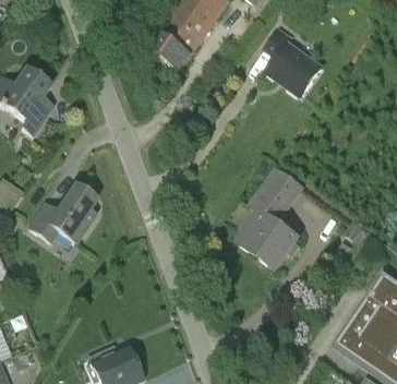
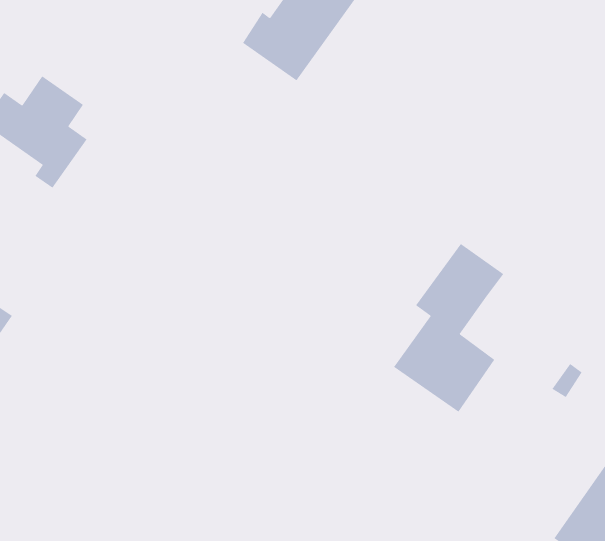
building: [265,27,323,96] -> none
building: [29,183,97,253] -> none

